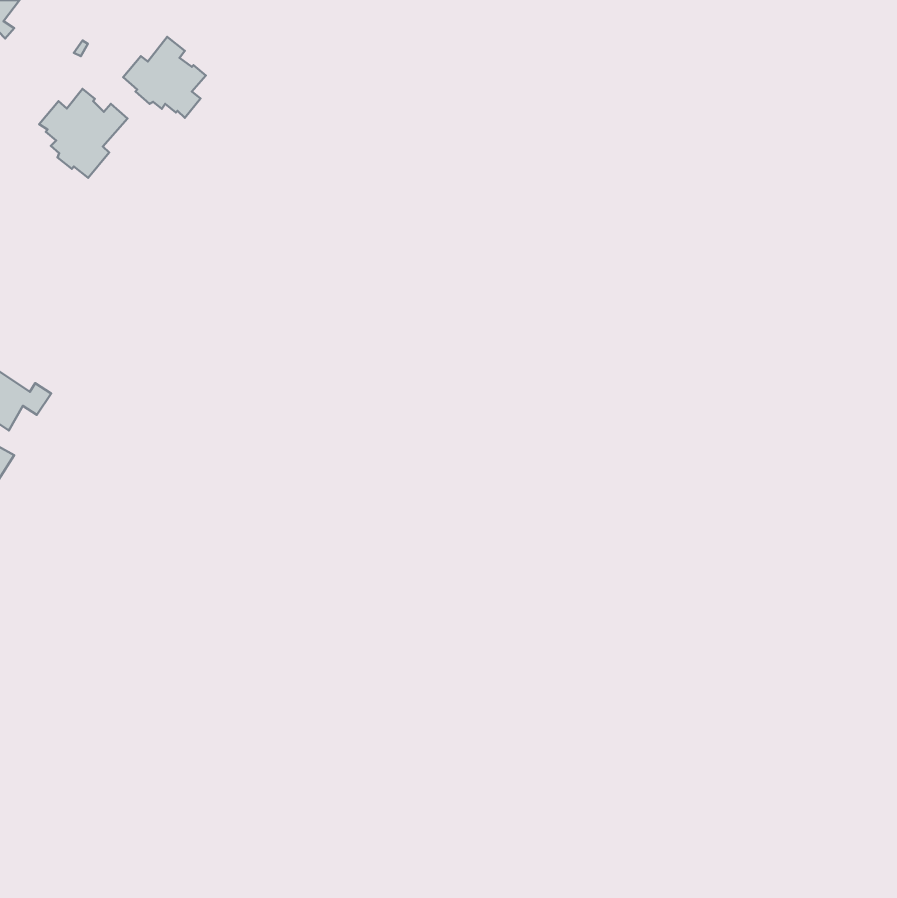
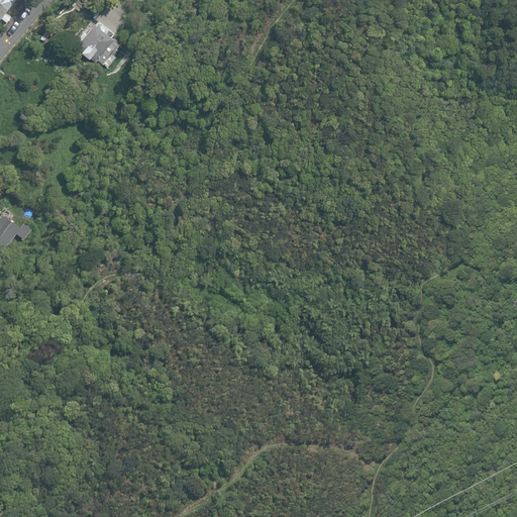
building: [39,89,127,178] -> none

